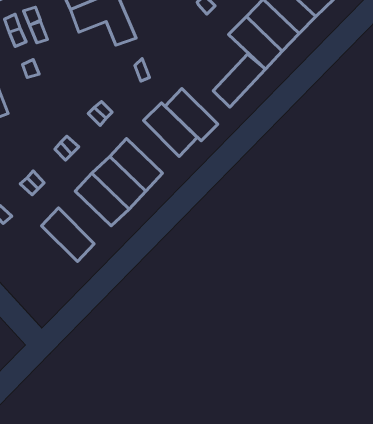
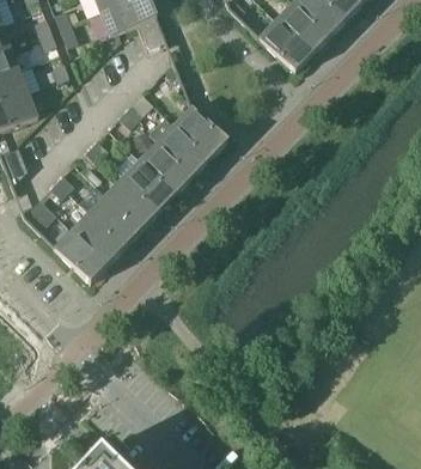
building: [213,54,265,107] -> none
building: [165,88,218,141] -> [157,121,209,173]
building: none -> [89,191,141,244]
building: none -> [54,226,108,279]

